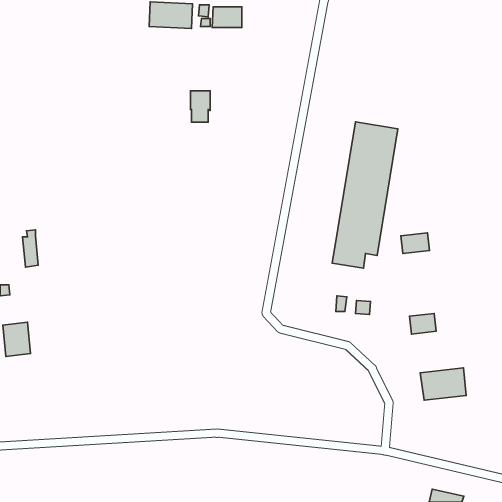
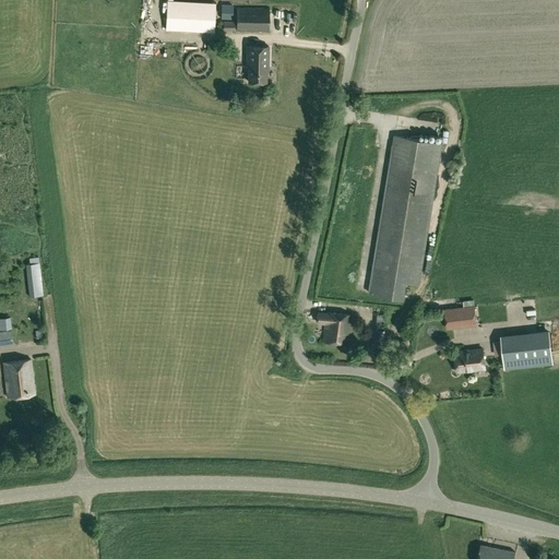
building: [191,91,210,122] -> [247,46,269,81]
building: [401,233,429,253] -> [444,306,476,329]
building: none -> [317,312,353,344]
building: [420,368,466,400] -> [501,335,552,371]

